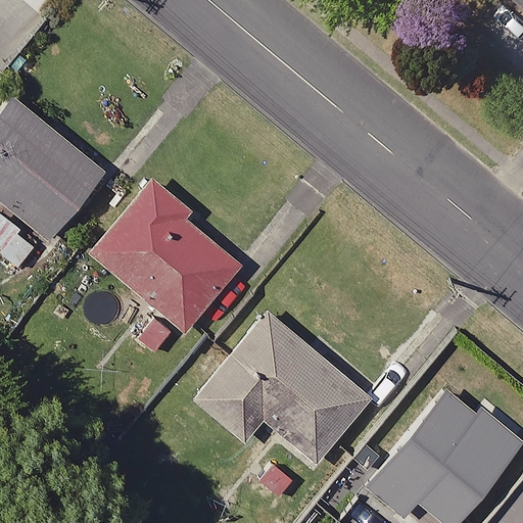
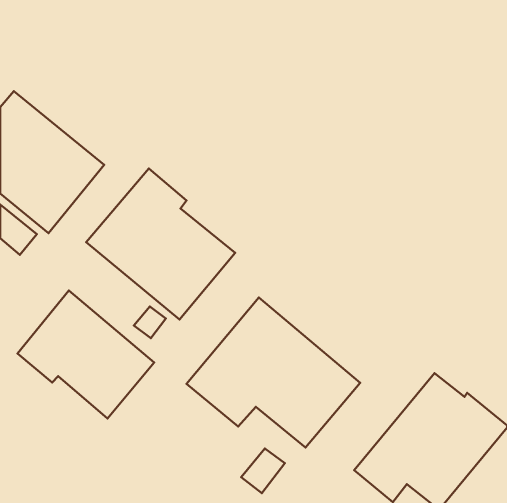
building: none -> [17,291,154,418]

